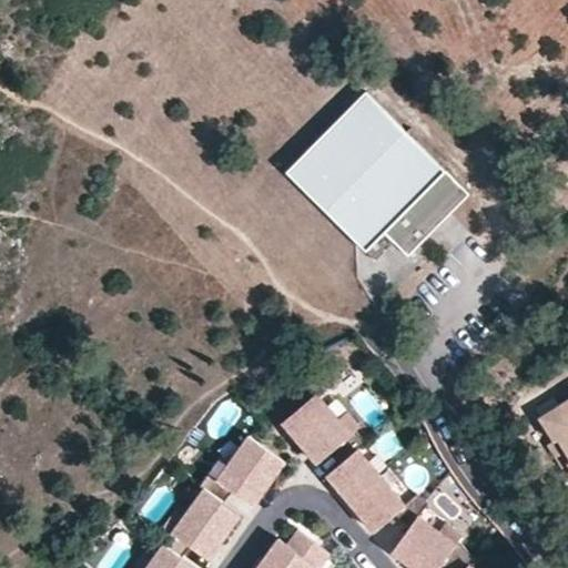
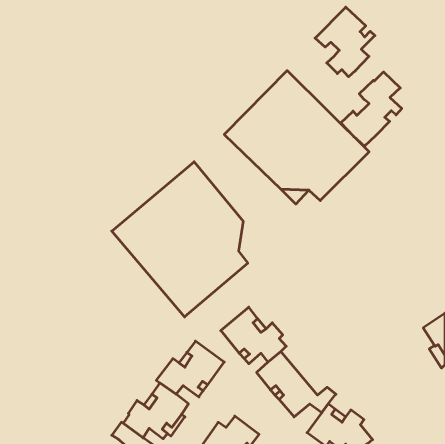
building: none -> [315,7,375,77]
building: none -> [341,72,402,146]
building: none -> [112,162,248,317]

